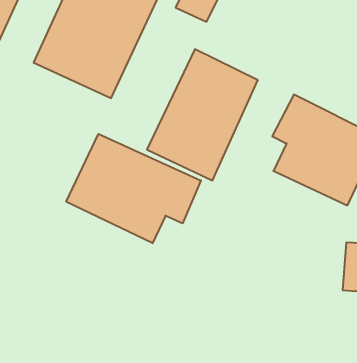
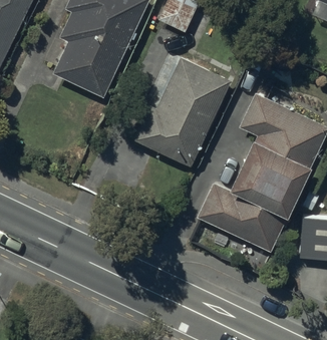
building: [66,134,201,243] -> none
building: none -> [197,157,303,253]

